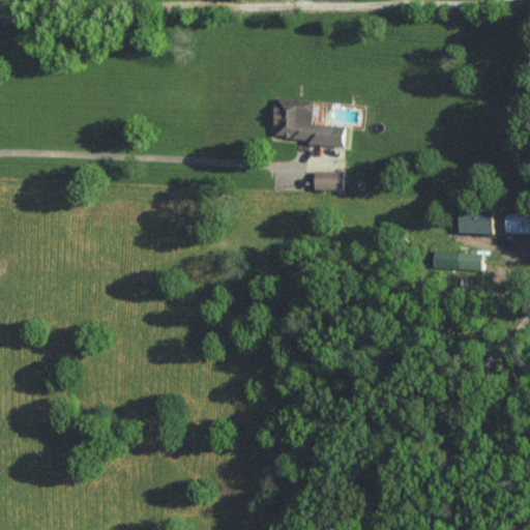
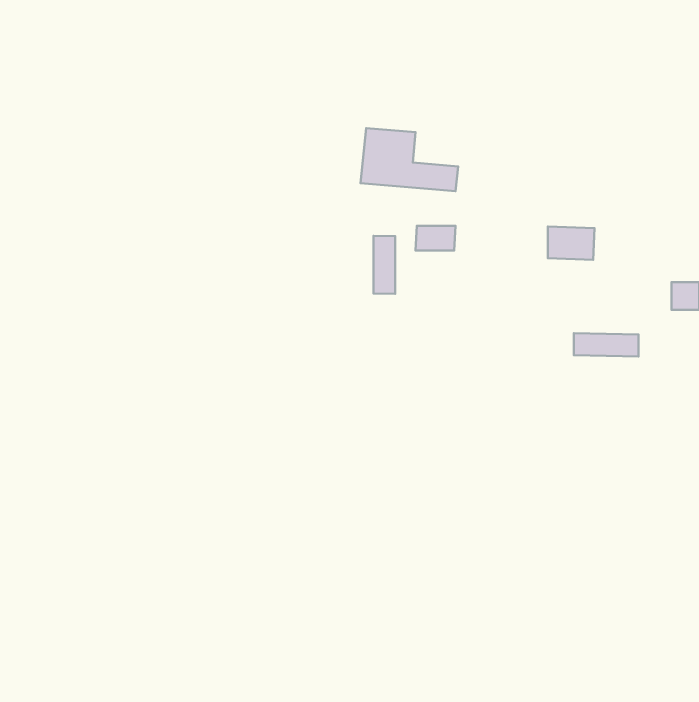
building: none -> [373,236,395,294]
building: [459,209,494,234] -> [548,227,595,260]

